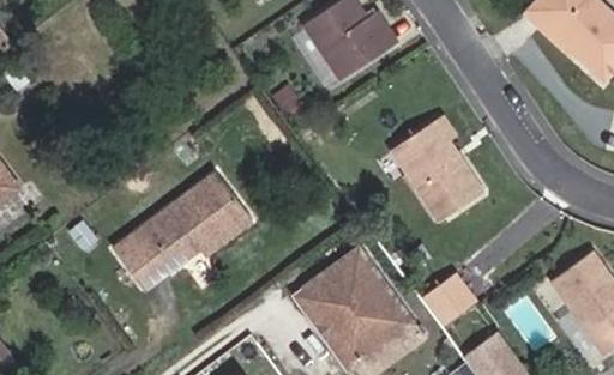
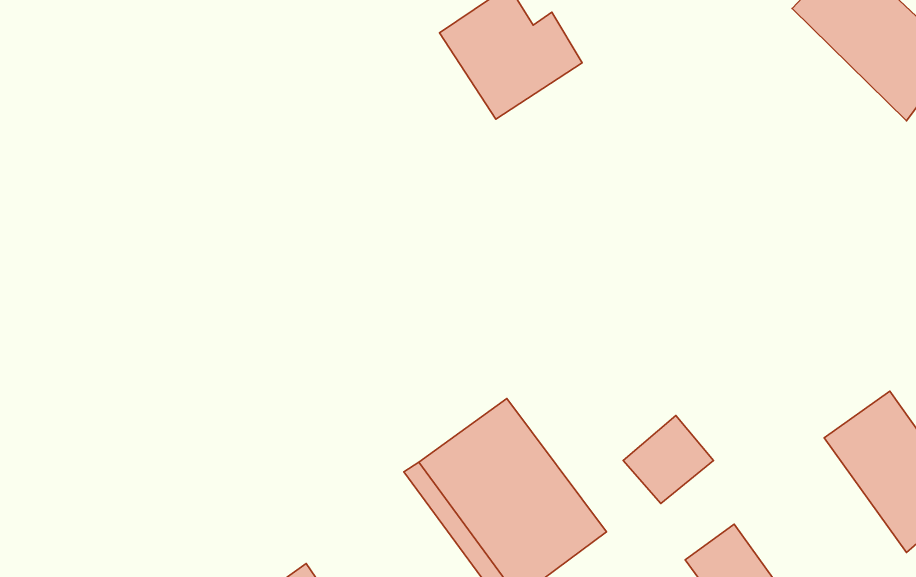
building: [390,115,481,222] -> none
building: [114,171,253,290] -> none

